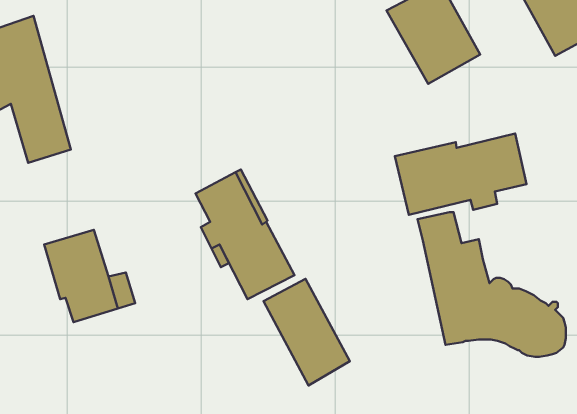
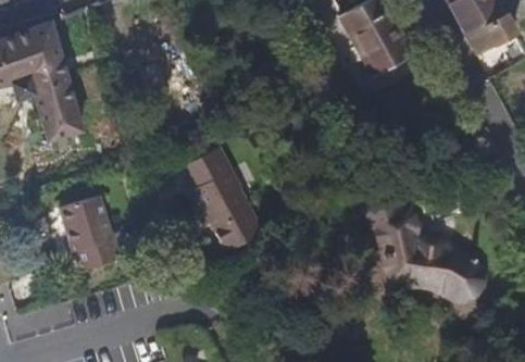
building: [395,133,527,215] -> none
building: [264,279,350,385] -> none

